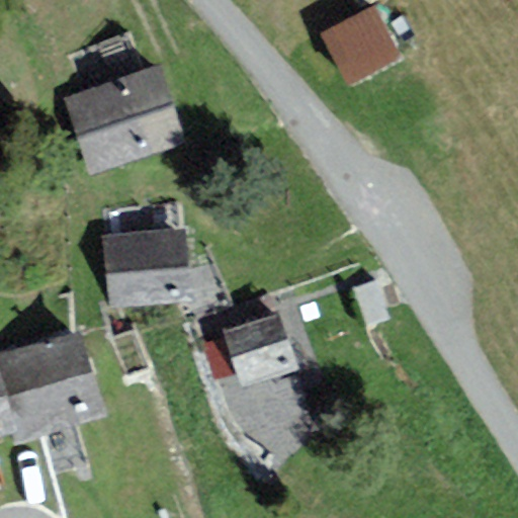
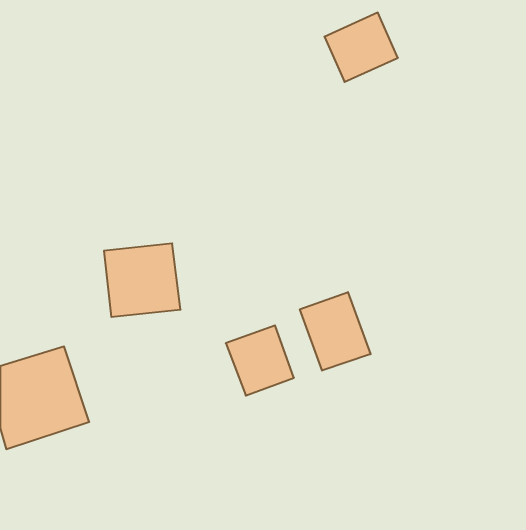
building: [69,72,173,169] -> none
building: none -> [300,292,371,371]

